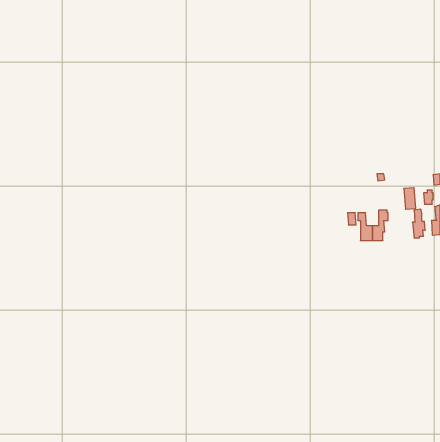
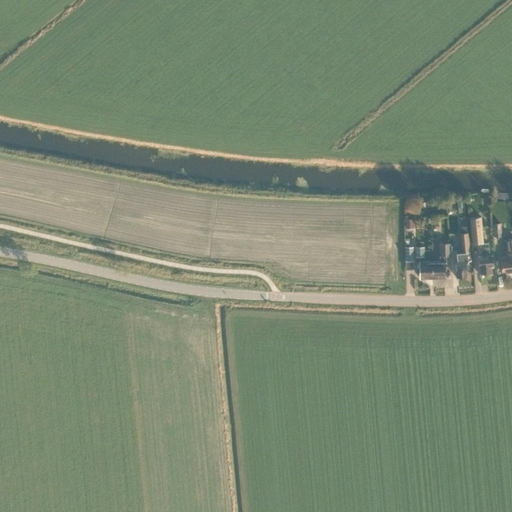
building: none -> [453,232,469,278]

